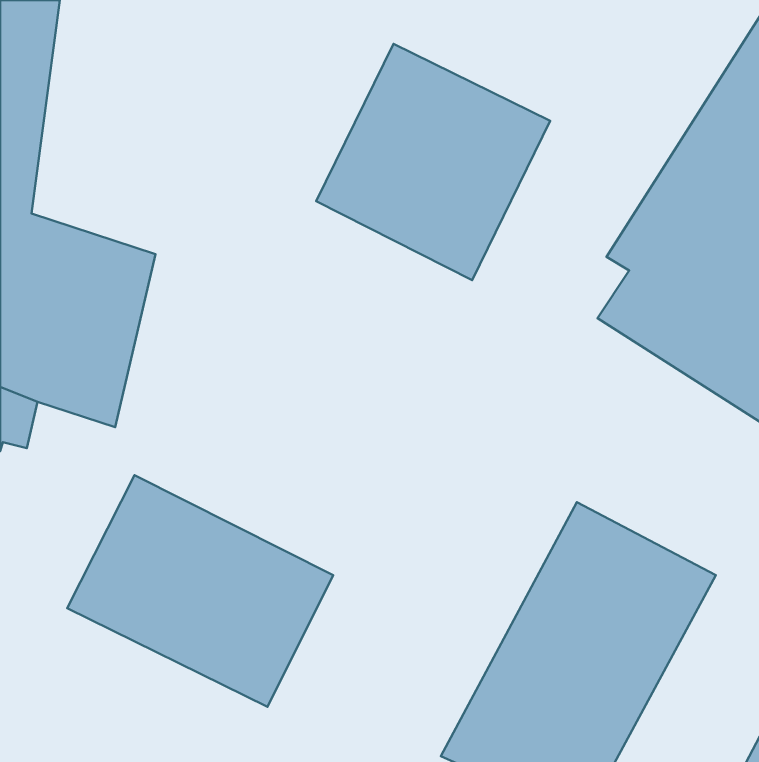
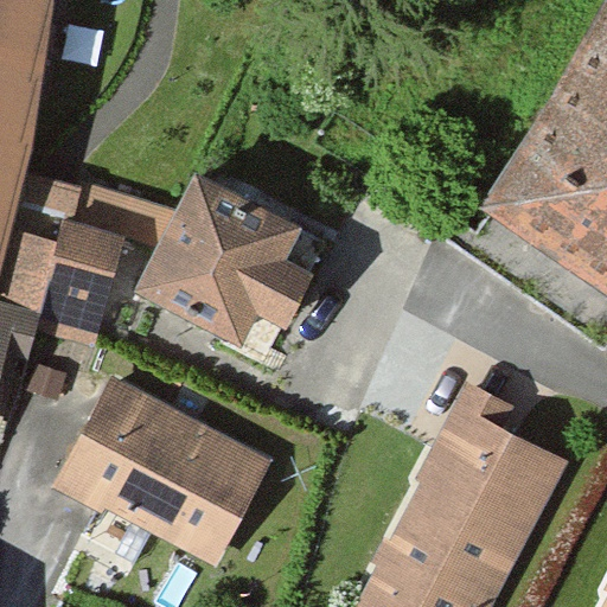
building: [316,44,550,280] -> none
building: none -> [140,171,311,336]

